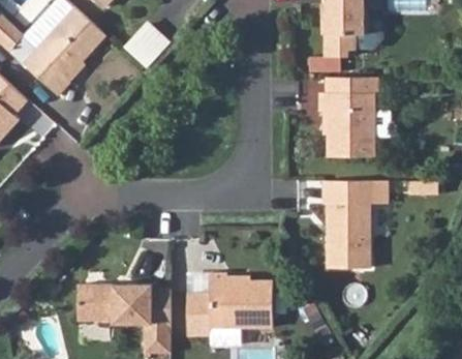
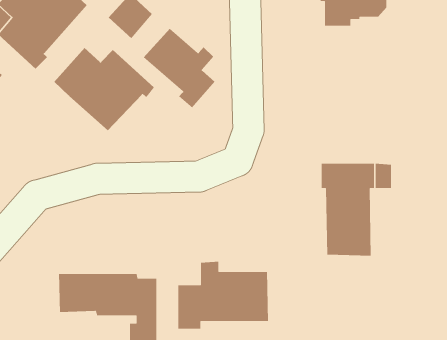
building: none -> [143,28,216,109]
building: none -> [53,47,155,131]
building: [319,78,377,157] -> none

